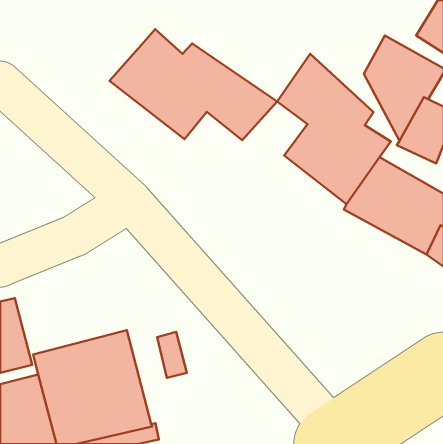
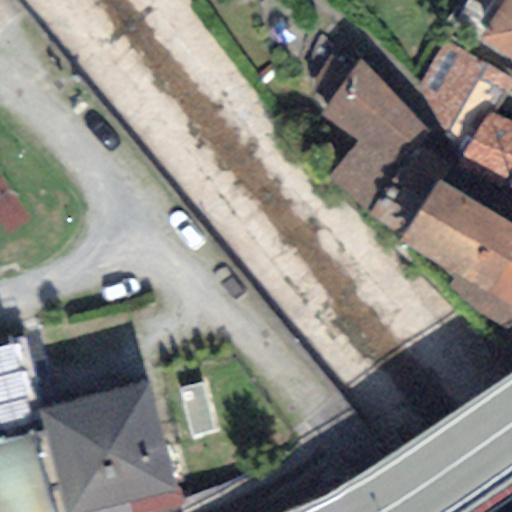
building: [110,29,277,140] -> none

